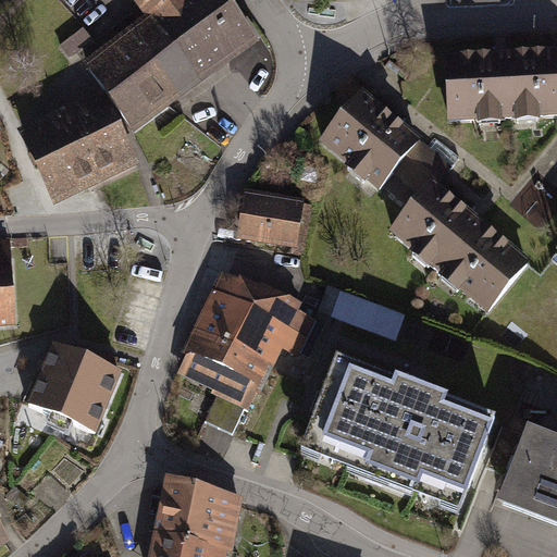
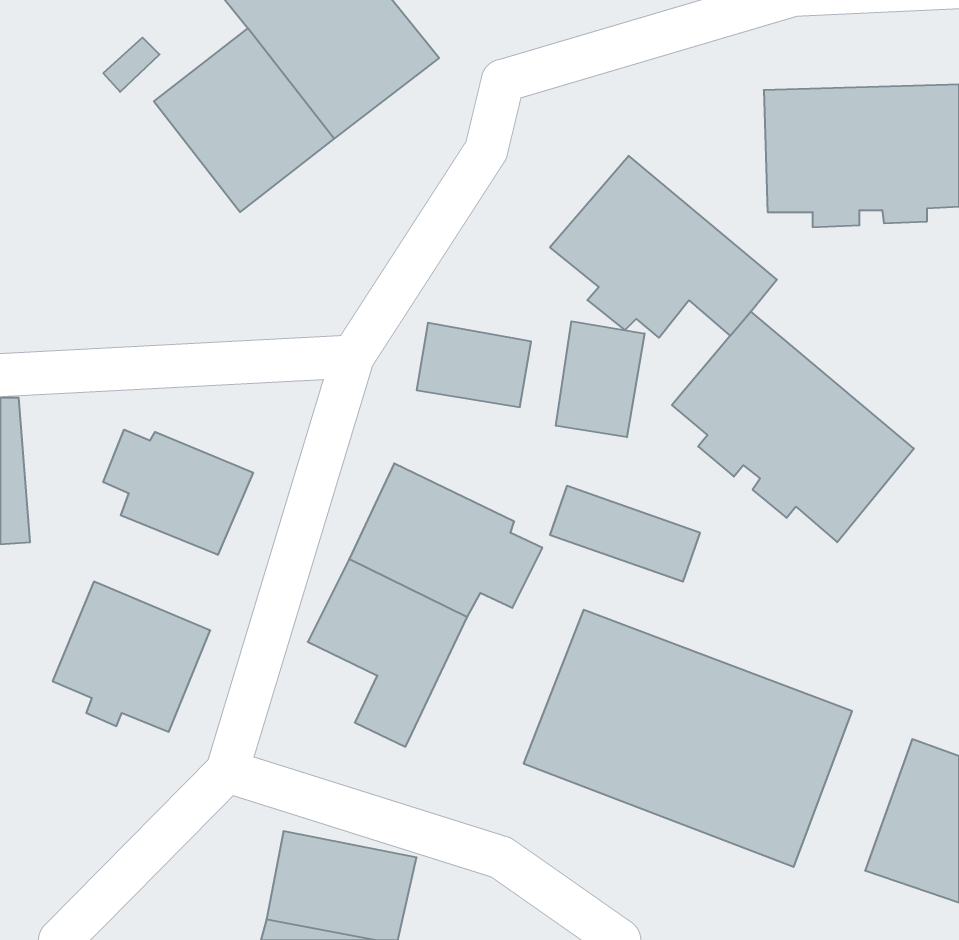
building: [27,89,135,190] -> none
building: none -> [556,321,645,437]
building: none -> [103,430,253,555]

